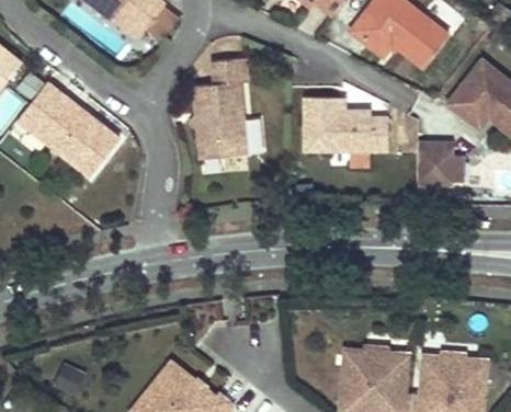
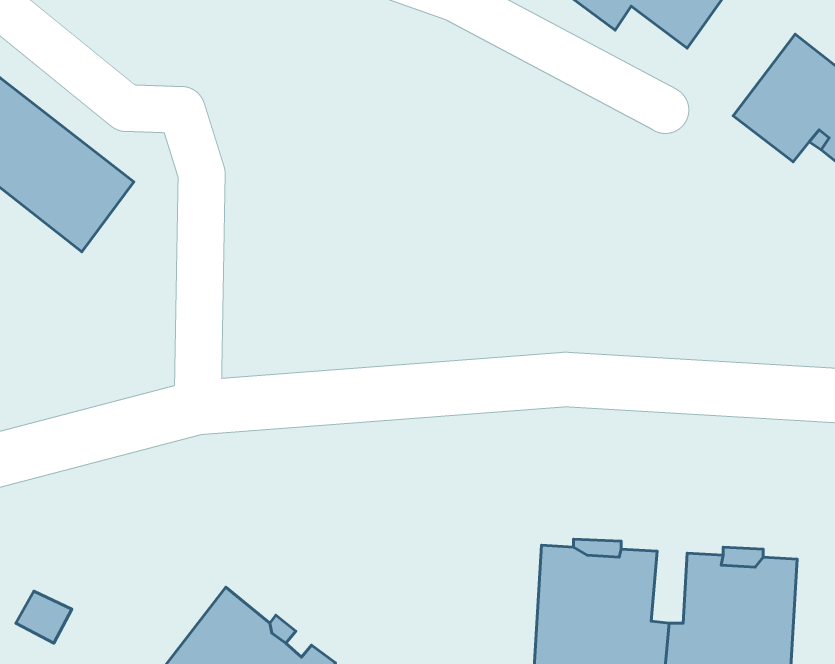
building: [192,59,247,160] -> none
building: [304,101,388,154] -> none
building: [417,138,464,180] -> none

